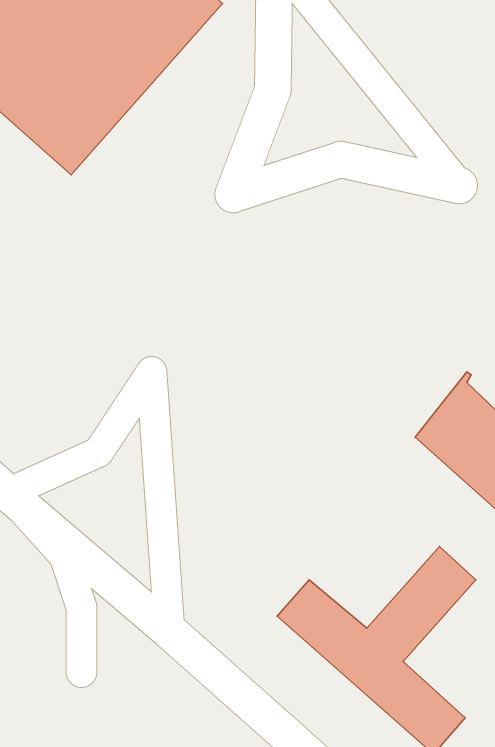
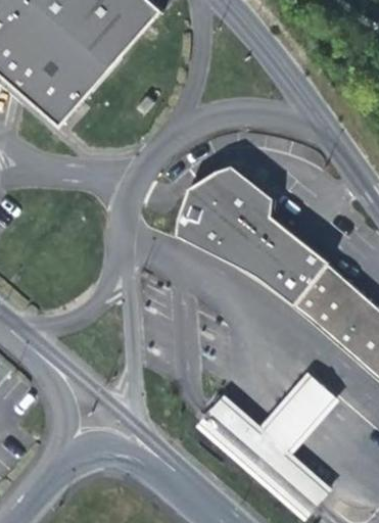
building: none -> [177,163,327,302]

